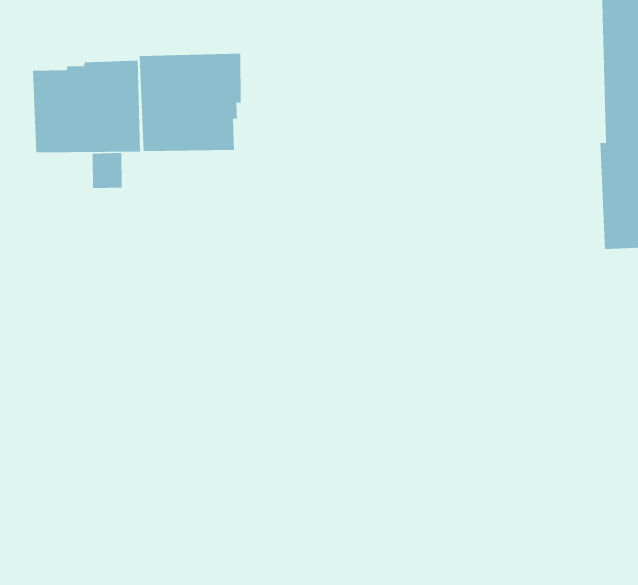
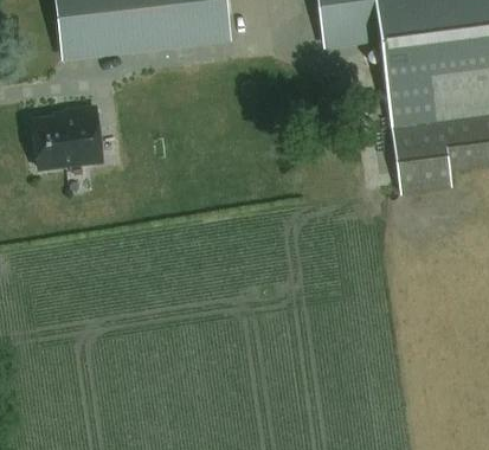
building: [139,53,241,152] -> none

